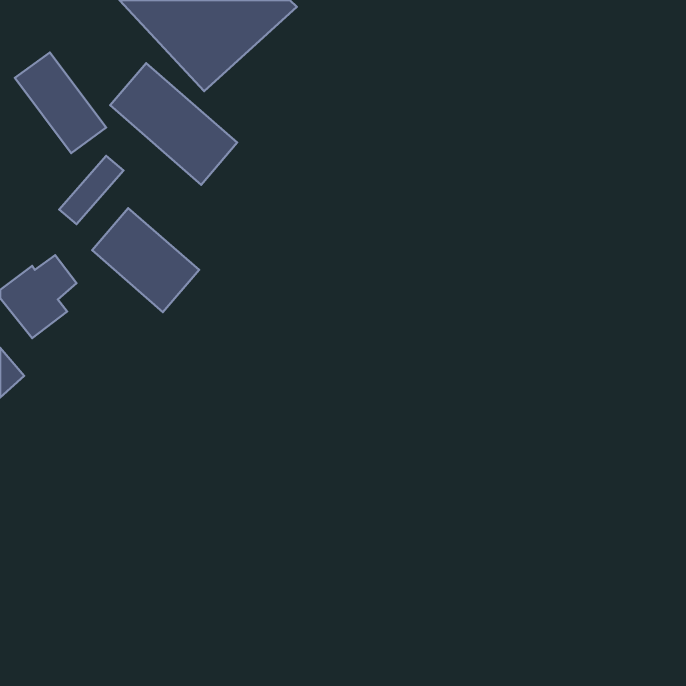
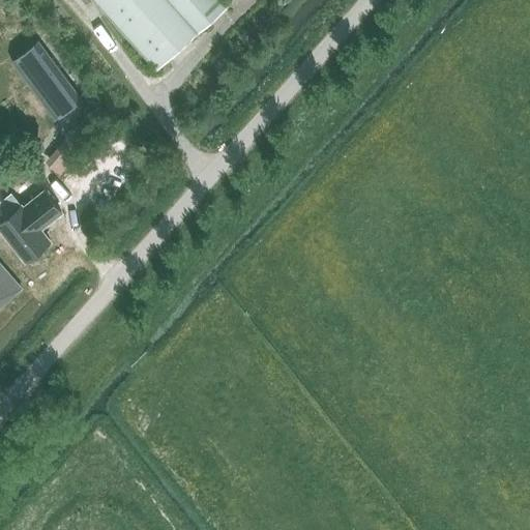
building: [110,63,237,185] -> none
building: [92,208,199,312] -> none

